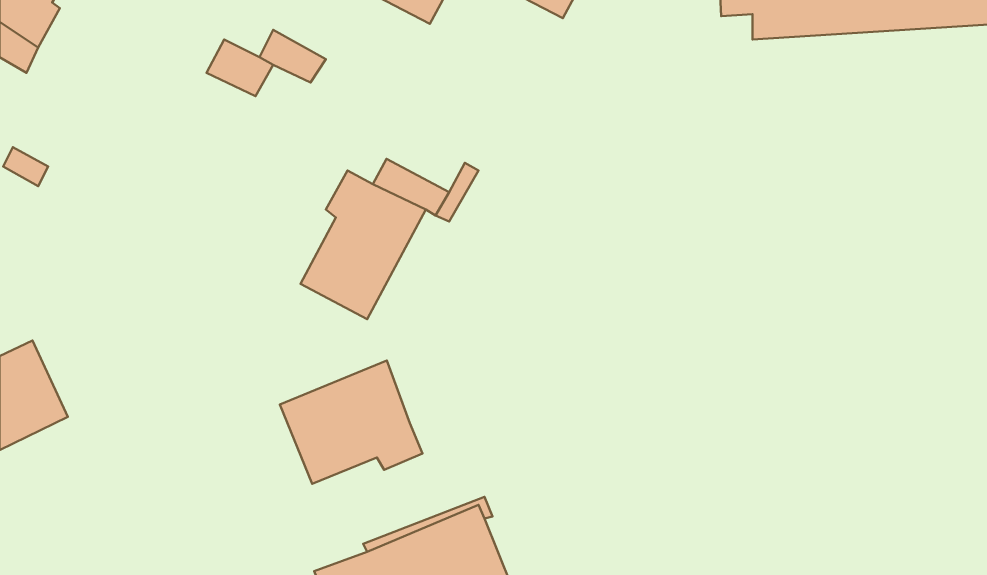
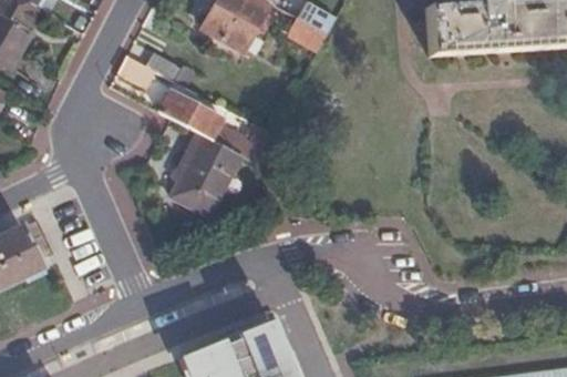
building: none -> [161,89,225,139]
building: [280,361,422,484] -> none

